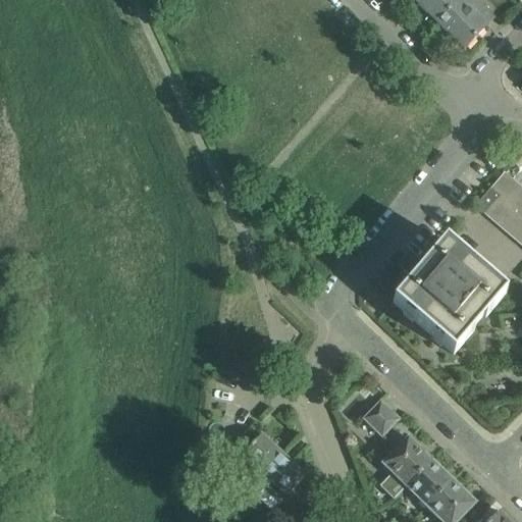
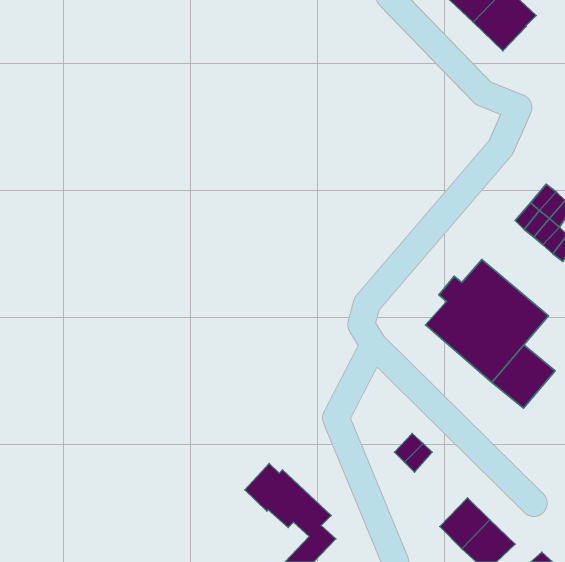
building: none -> [492,345,555,408]
building: [377,435,431,495] -> none

